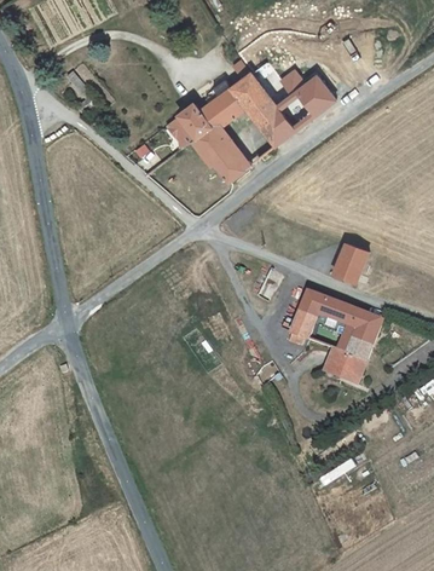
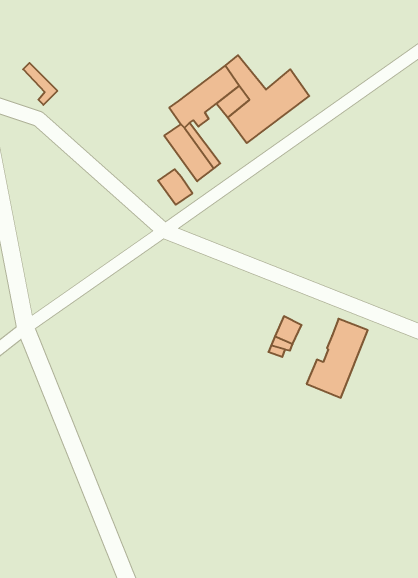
building: [173,100,206,134] -> [158,169,192,205]
building: [334,242,368,283] -> none
building: [303,292,355,324] -> none

